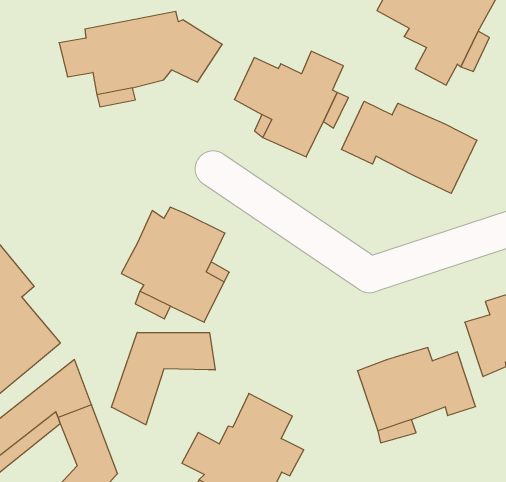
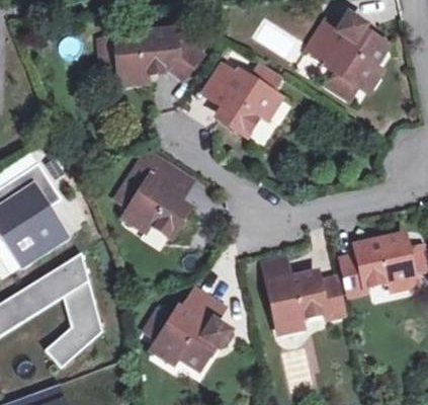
building: [341,101,477,193] -> none
building: [111,332,215,425] -> none

